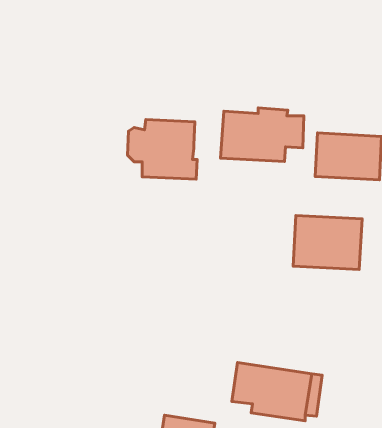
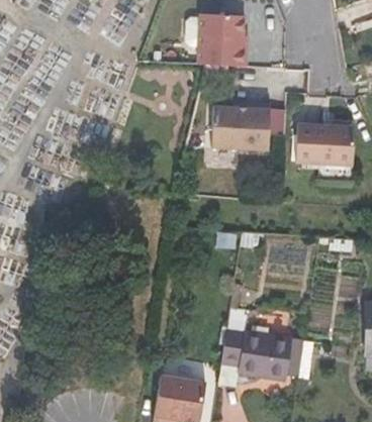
building: [127,120,197,179] -> [185,13,247,66]
building: [293,215,362,270] -> none

